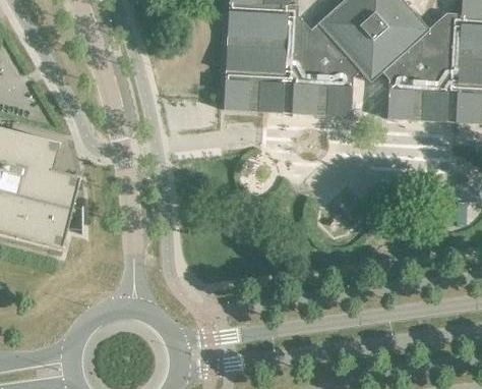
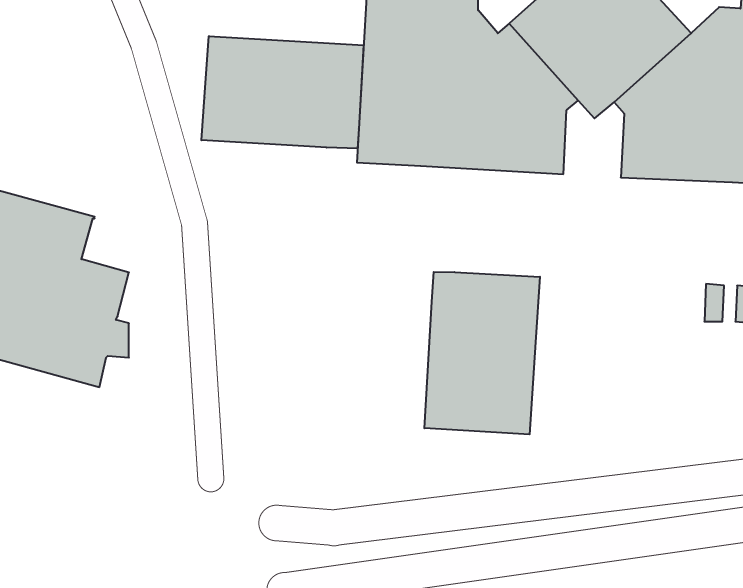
building: none -> [201,36,364,149]
building: none -> [424,272,540,434]

